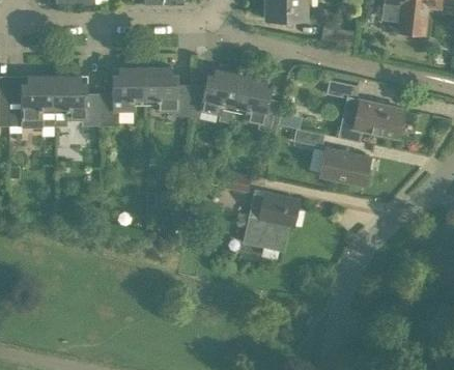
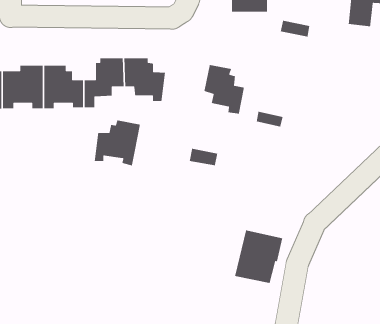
building: [188,69,240,122] -> [94,119,141,166]
building: [325,81,403,142] -> none
building: [319,148,370,184] -> none
building: [244,189,299,250] -> [234,230,283,284]

